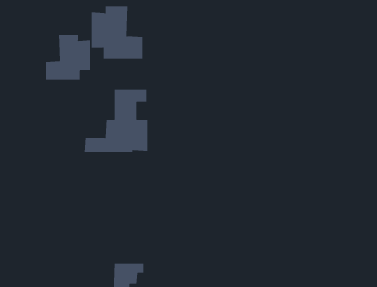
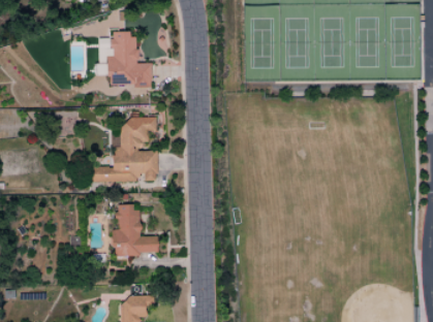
building: [46,34,91,81] -> none
building: none -> [114,206,159,255]

